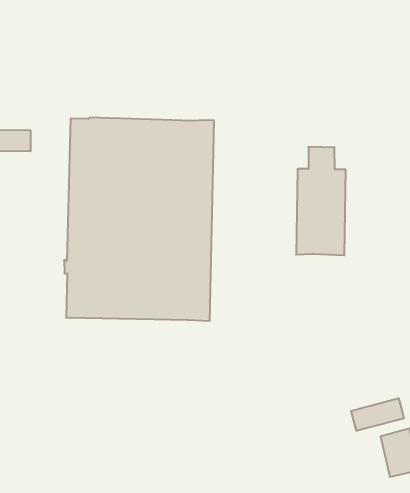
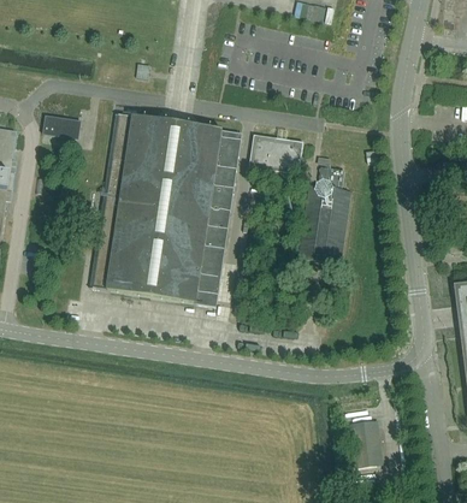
building: none -> [249,132,303,173]
building: [351,398,404,431] -> none

